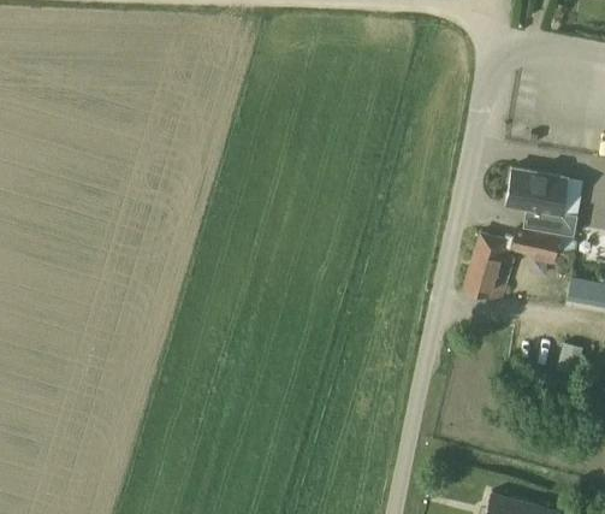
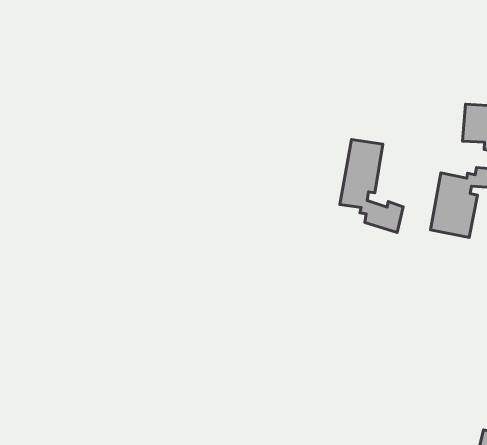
building: none -> [340,139,403,233]

